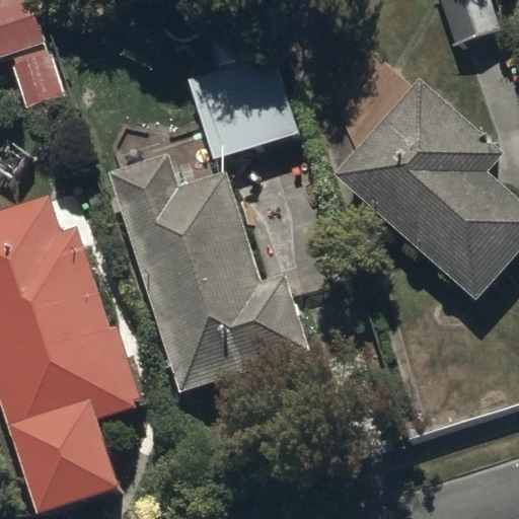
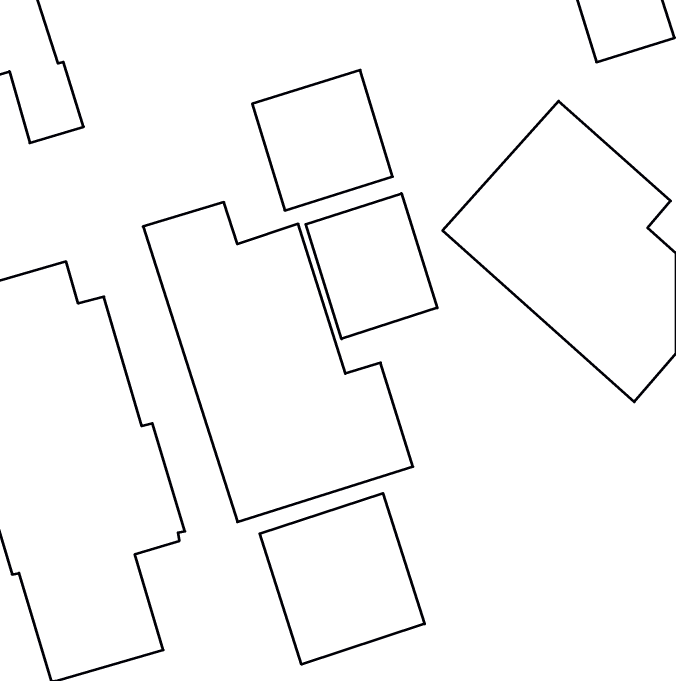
building: none -> [306,193,437,339]
building: none -> [260,493,425,664]

